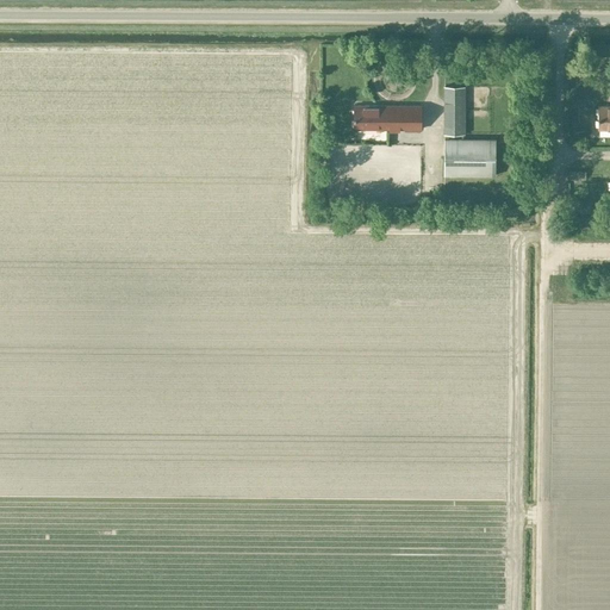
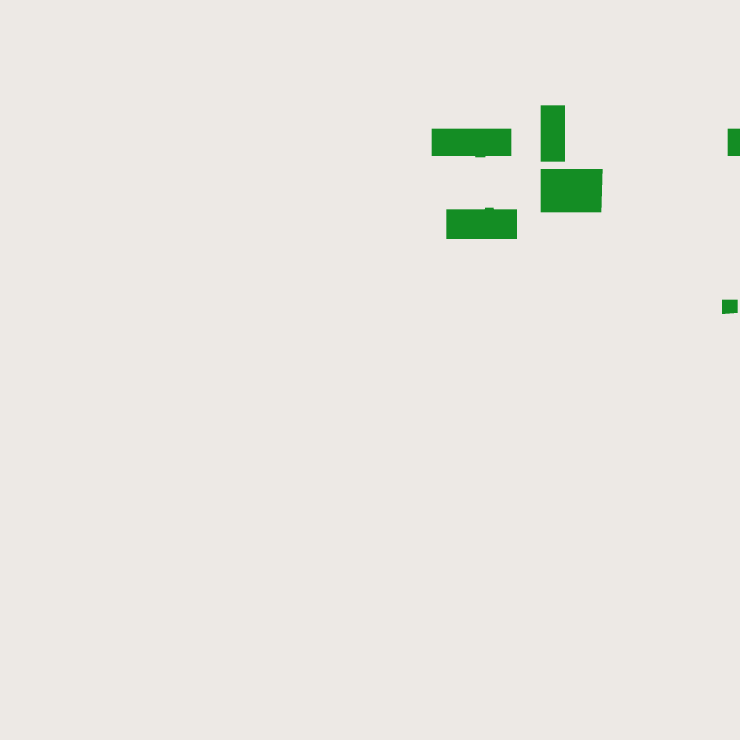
building: none -> [445,207,518,240]

